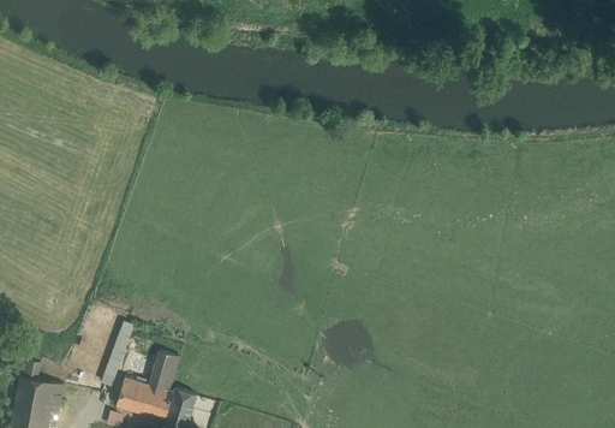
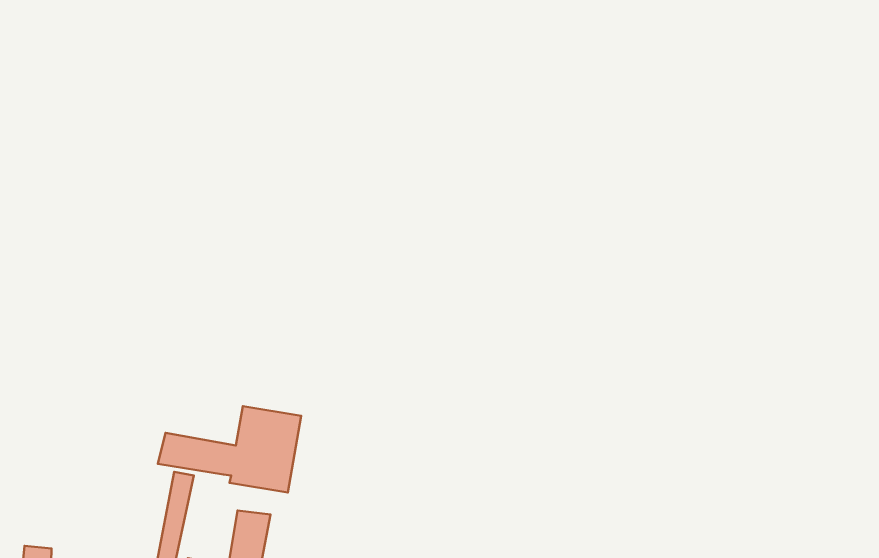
building: none -> [158,406,301,493]

